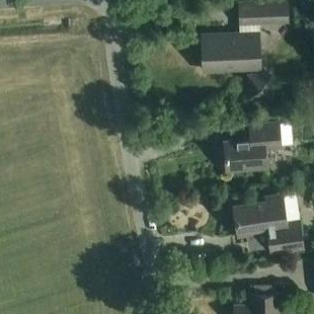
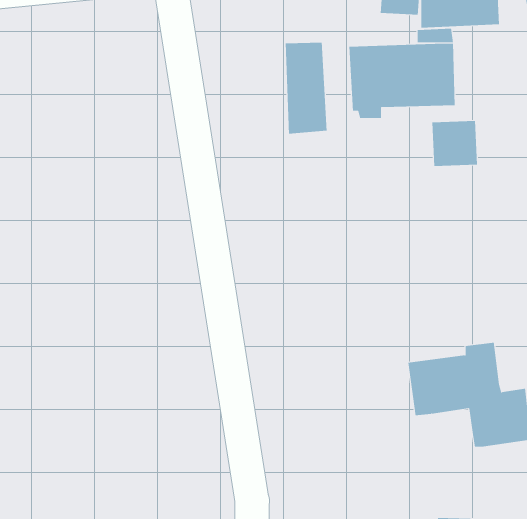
building: none -> [285,42,327,134]
building: [224,123,281,172] -> none

